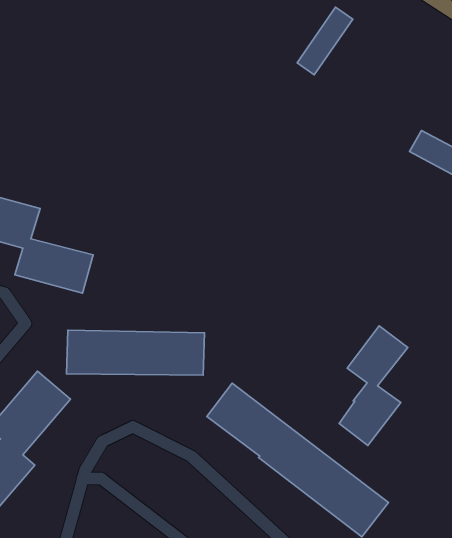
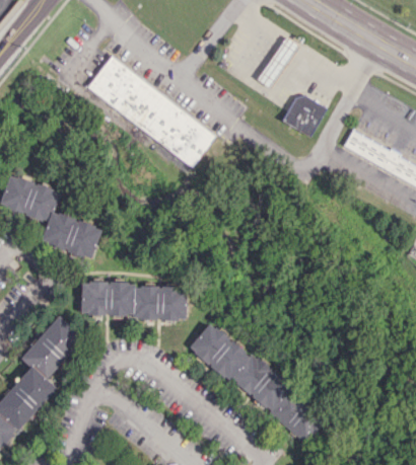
building: none -> [86,57,217,166]
building: none -> [281,92,326,137]
building: [339,326,408,445] -> none

